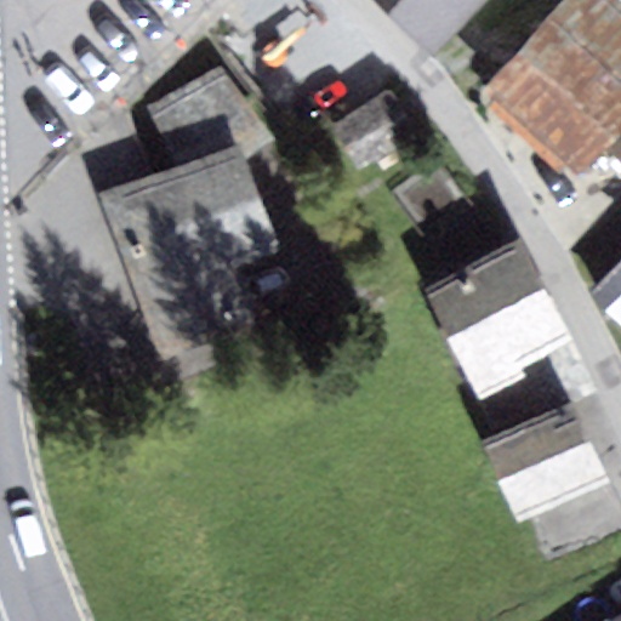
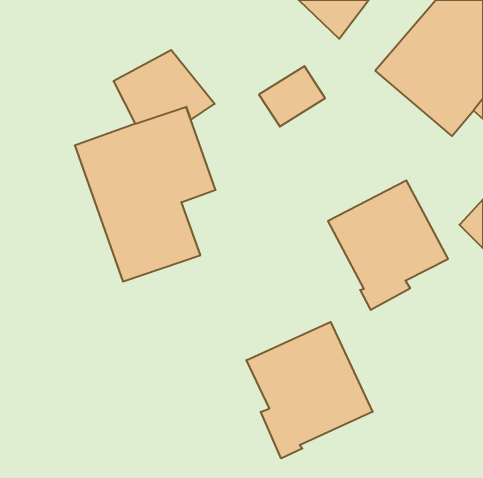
building: [479,399,610,524] -> none
building: none -> [246,322,373,458]

